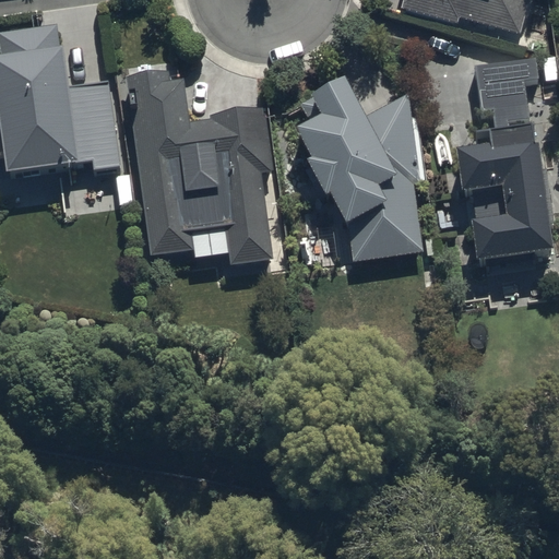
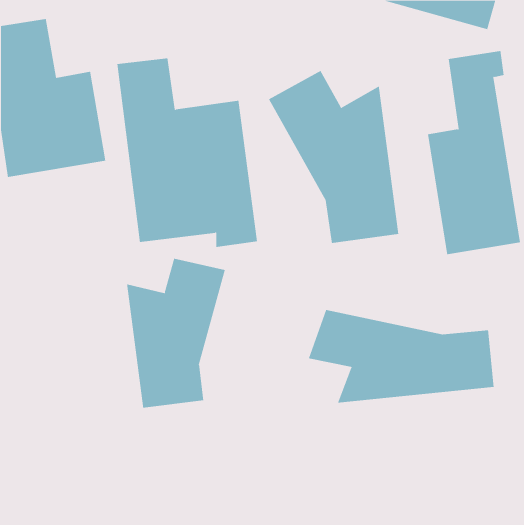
building: none -> [126,258,226,409]
building: none -> [308,309,494,404]

